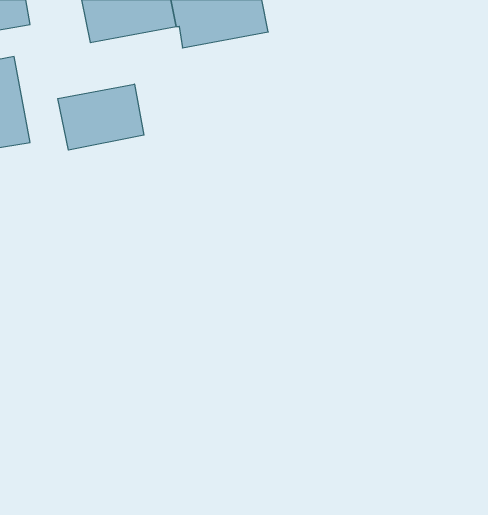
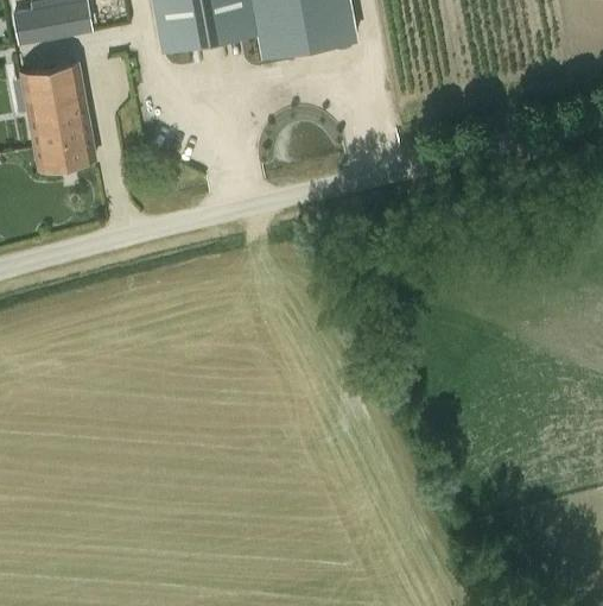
building: [58,84,144,150] -> none

